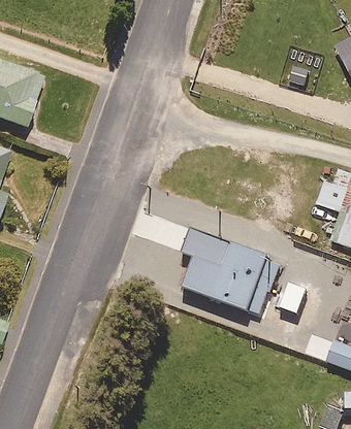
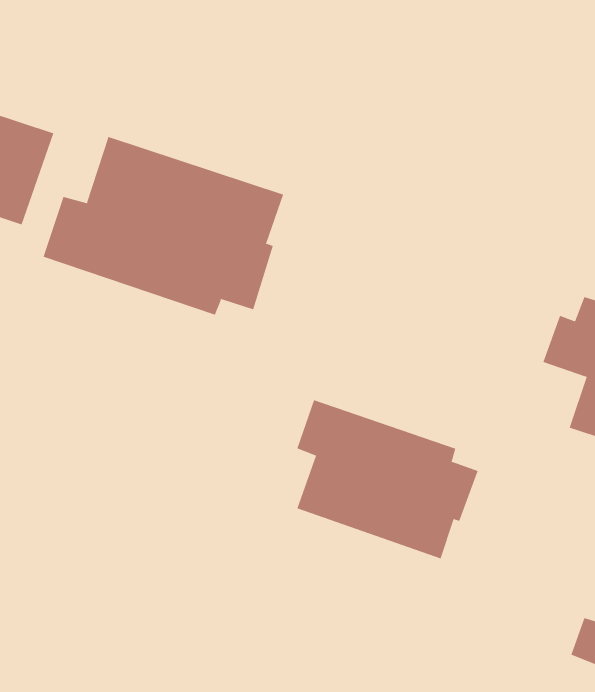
building: none -> [43,136,284,316]

